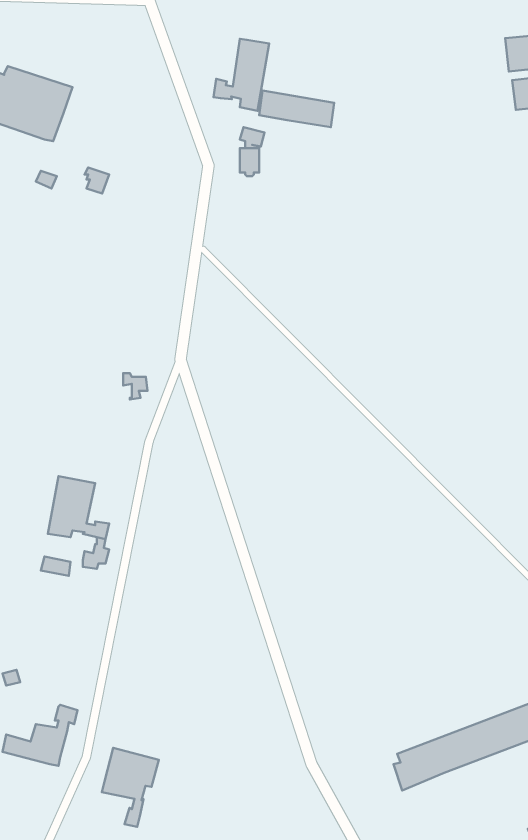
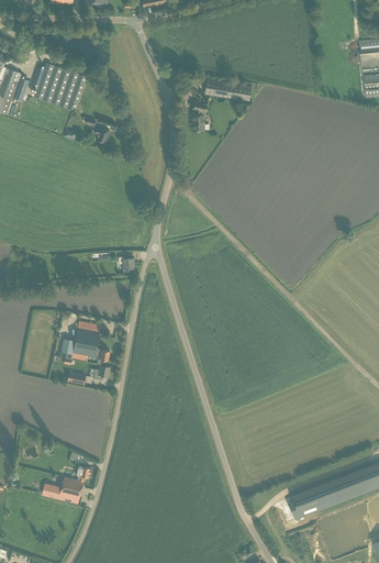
building: [213,39,269,111] -> none
building: [102,748,159,827] -> none

